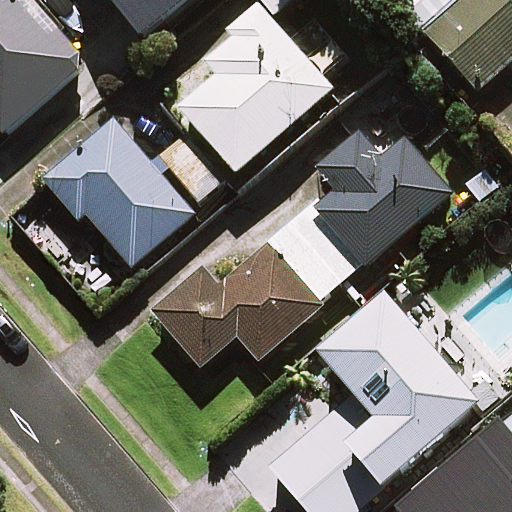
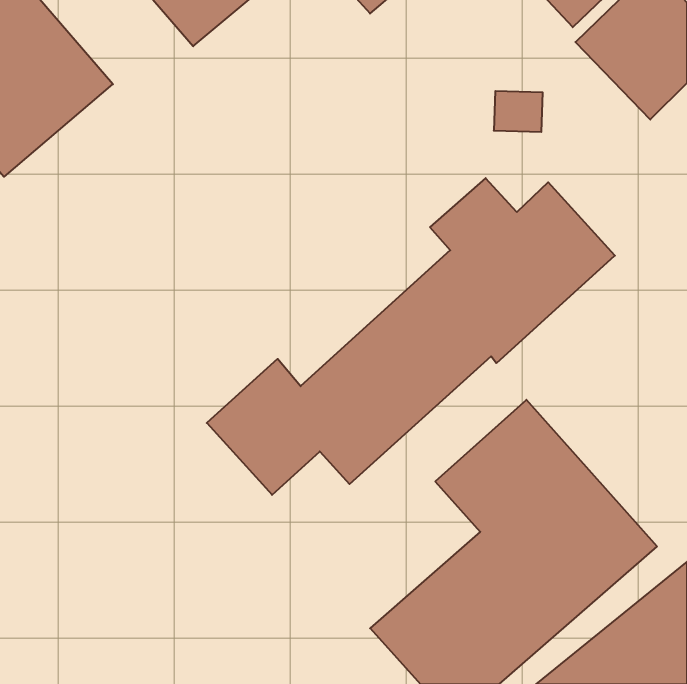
building: [160,5,332,200] -> none
building: [44,119,191,264] -> none

